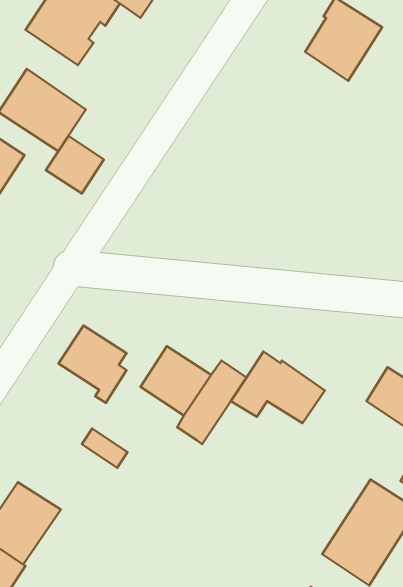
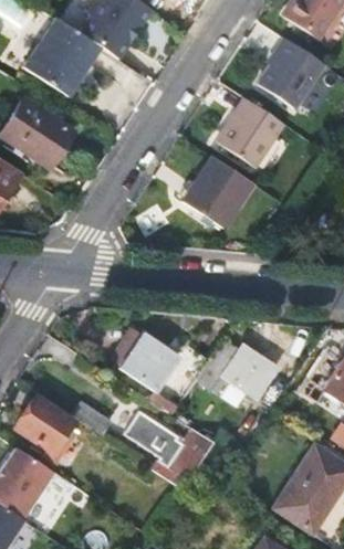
building: none -> [216,97,285,169]
building: [46,136,104,193] -> none
building: none -> [185,157,252,228]
building: [59,326,127,403] -> [15,398,73,463]
building: none -> [124,410,215,489]

